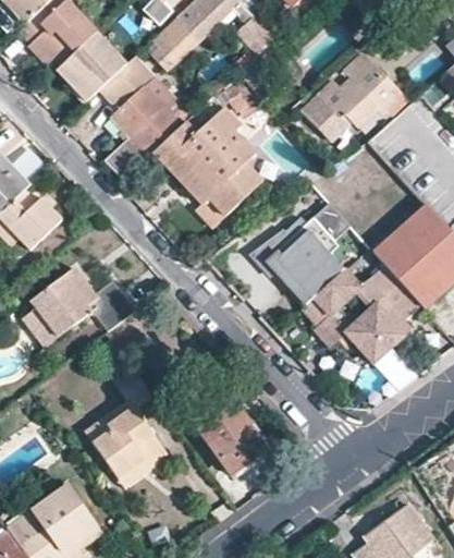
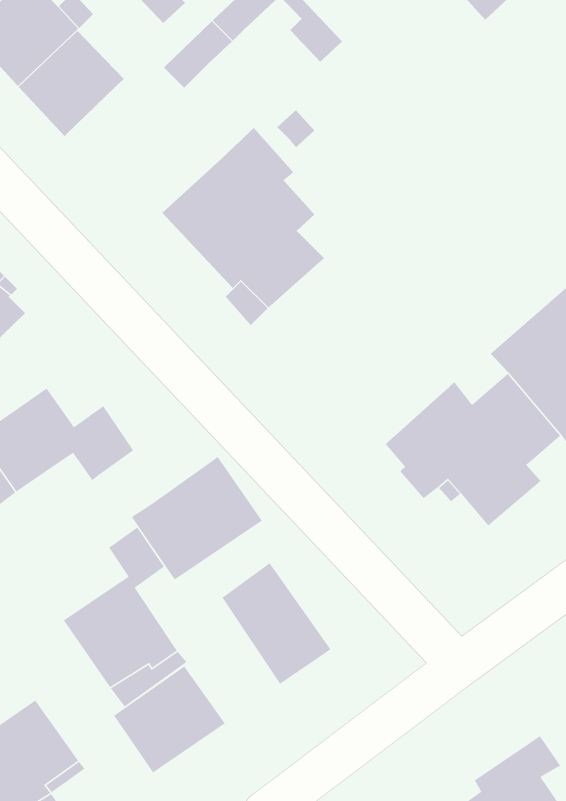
building: [96,57,192,179] -> none
building: [304,57,395,145] -> none
building: [251,218,345,308] -> none
building: none -> [131,456,263,580]
building: none -> [113,665,226,773]

